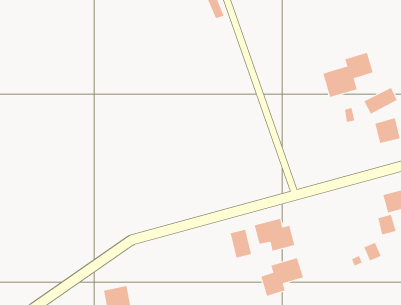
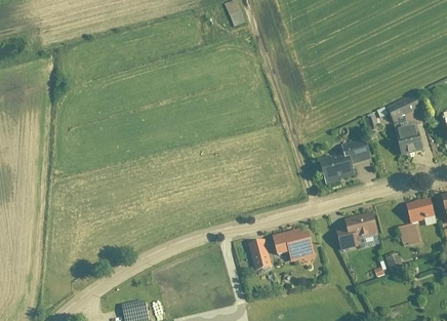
building: [322,52,374,98] -> [319,135,371,182]
building: [260,257,304,297] -> [335,211,379,251]

